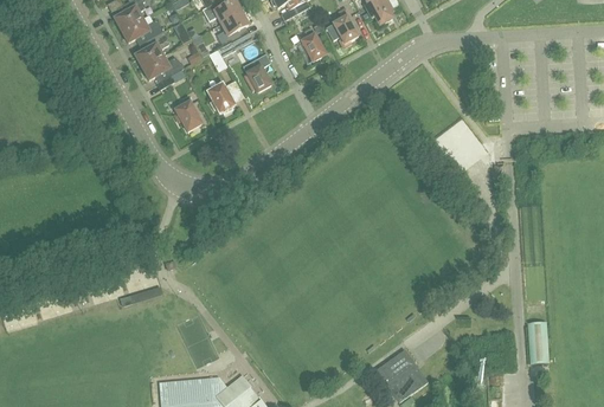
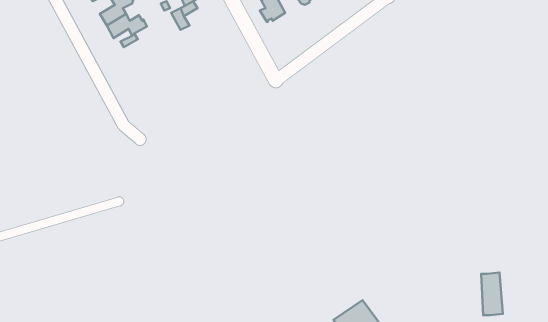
building: [243,52,270,90] -> none
building: [206,82,234,112] -> none
building: [173,93,200,129] -> none

